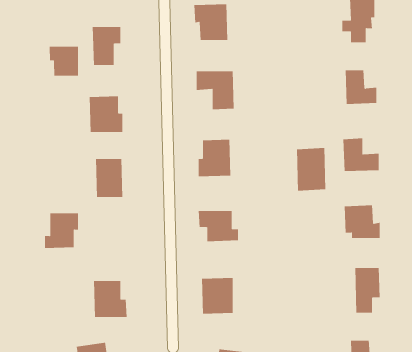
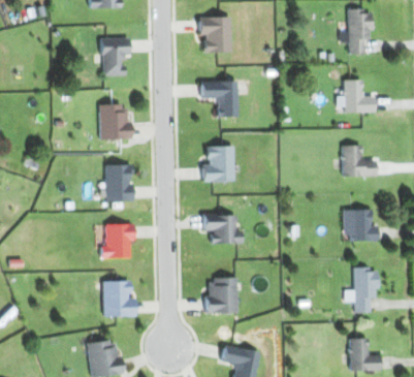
building: [49,46,78,77] -> none
building: [296,147,326,192] -> none
building: [44,213,79,248] -> [101,224,134,258]

